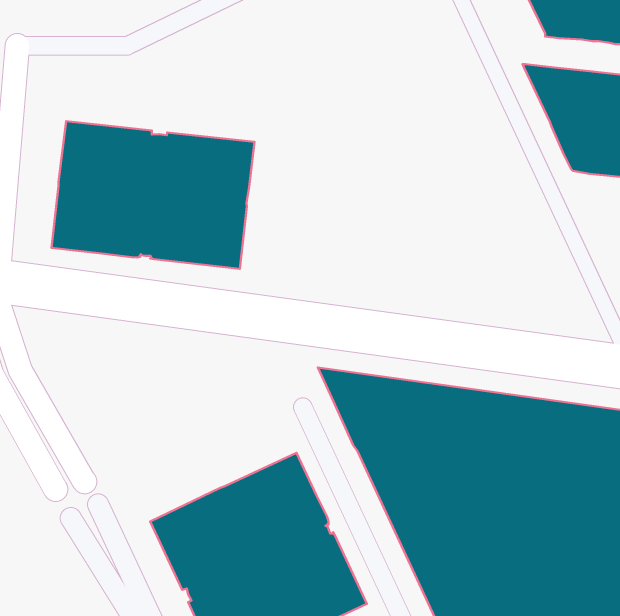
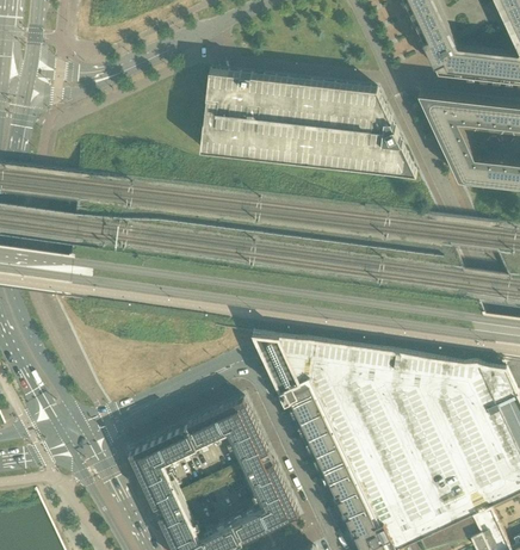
building: none -> [200,73,416,177]
building: [51,121,254,269] -> none

